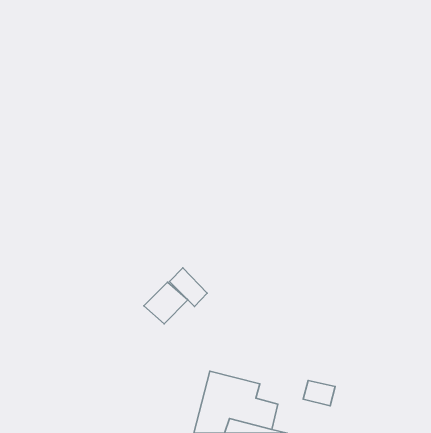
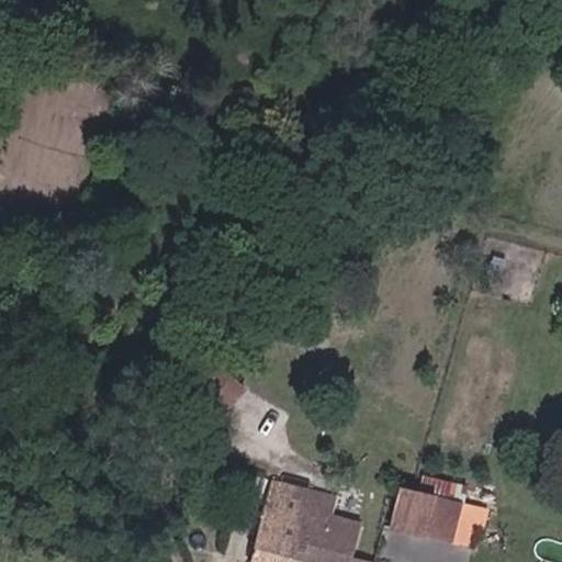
building: [170,268,207,307] -> none
building: none -> [428,501,493,536]

